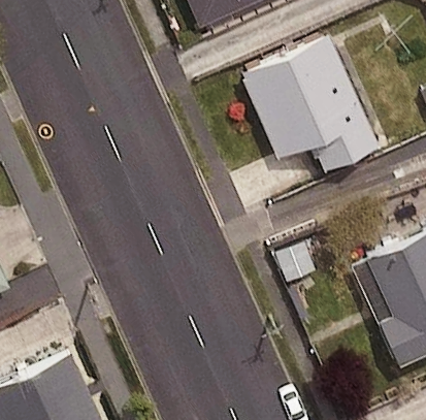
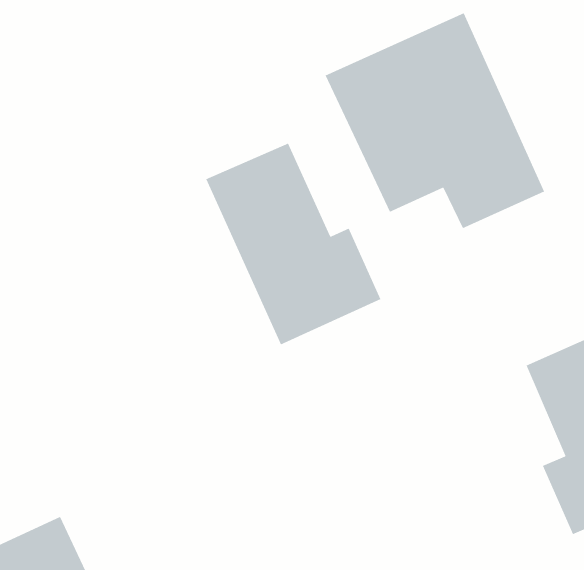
building: none -> [205,143,381,345]

